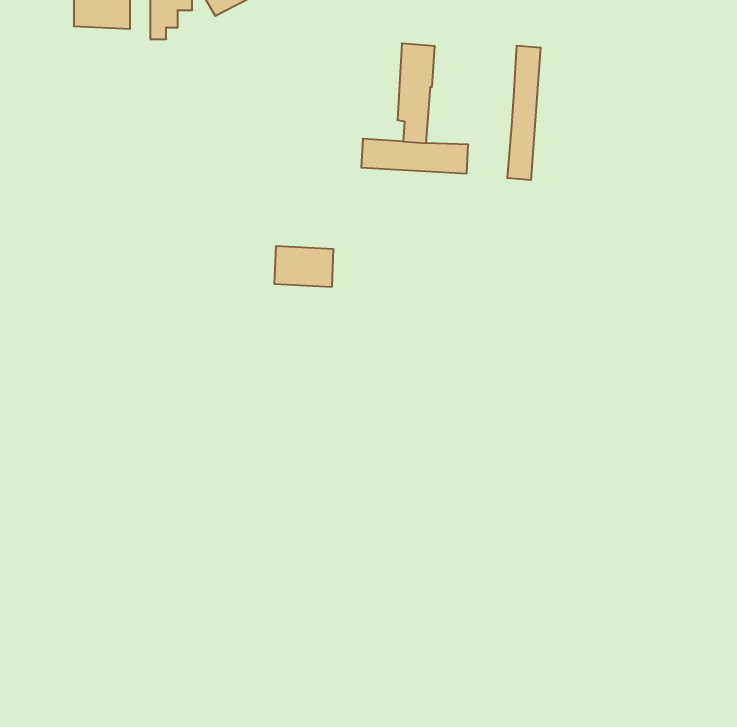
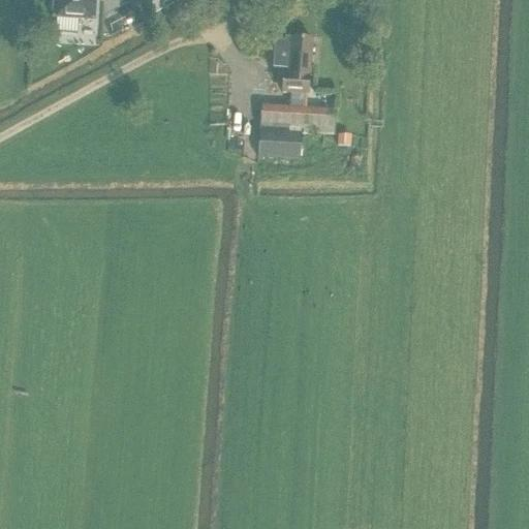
building: [508,46,540,180] -> none
building: [274,246,334,287] -> [257,123,300,152]

